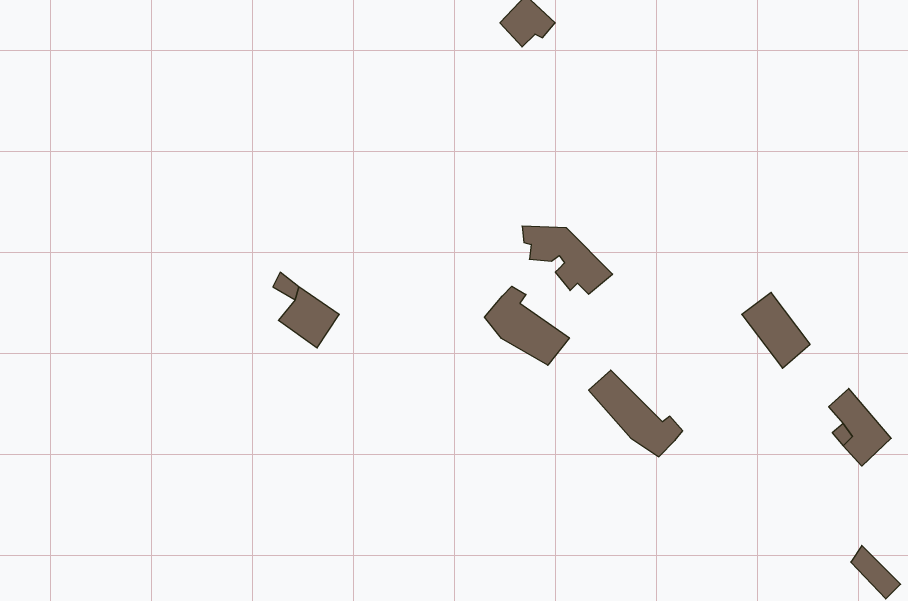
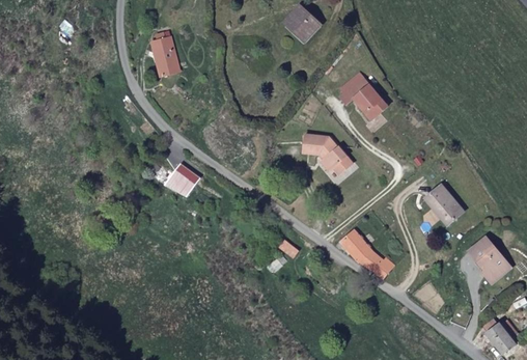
building: none -> [149,27,178,71]
building: none -> [336,83,384,126]
building: [484,286,569,365] -> none

